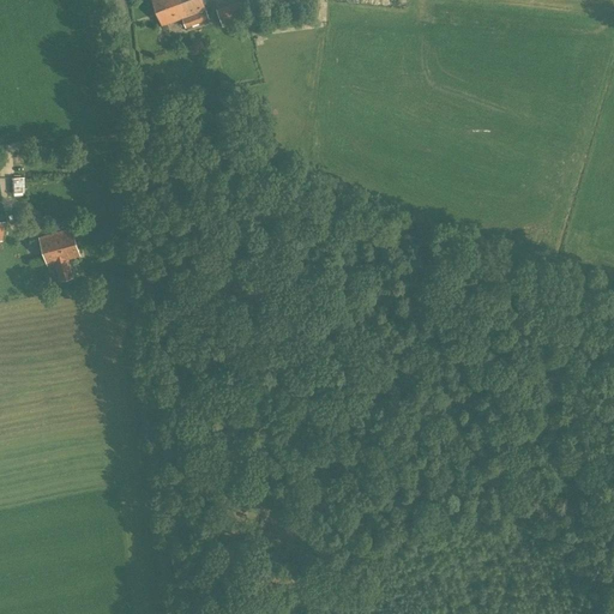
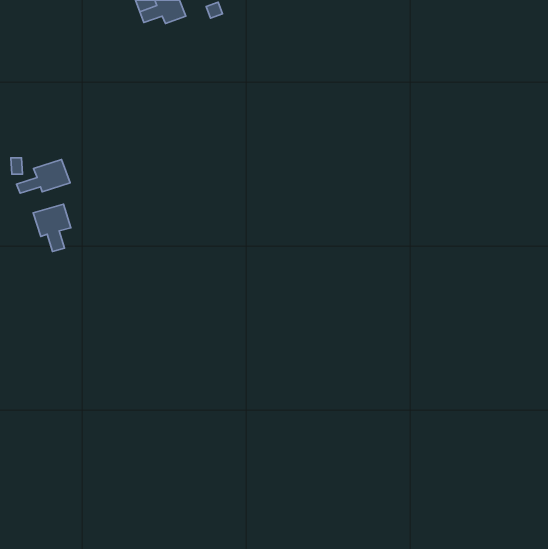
building: none -> [17,159,70,193]

